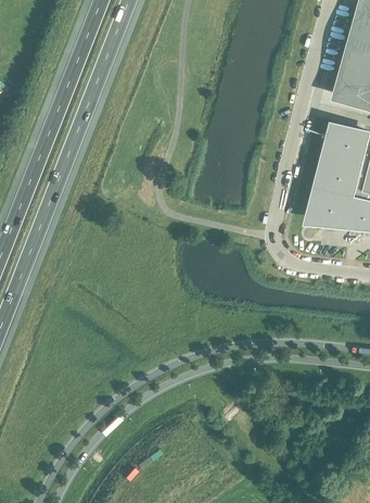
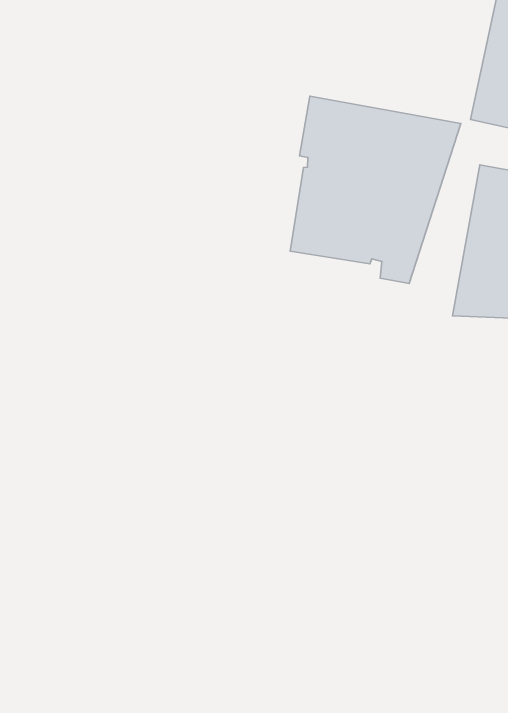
building: none -> [290,96,461,284]

